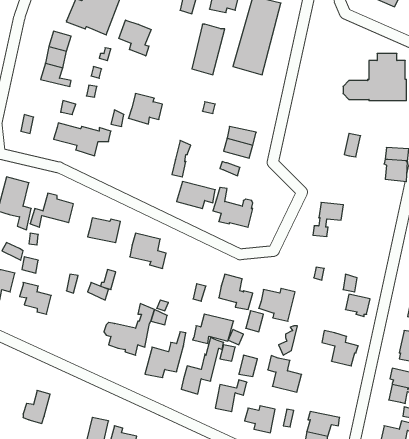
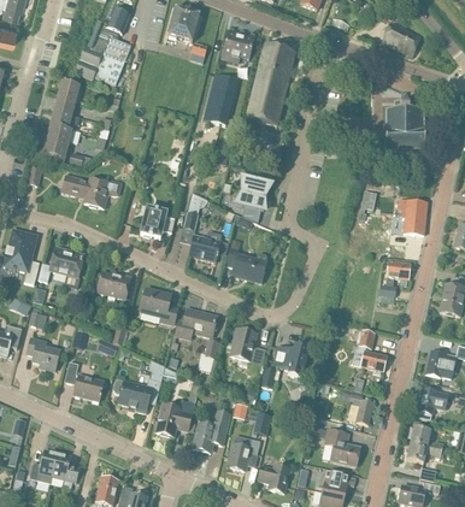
building: [119,20,151,56] -> none
building: none -> [35,130,78,163]
building: [128,94,162,124] -> [140,207,175,238]
building: [313,202,343,236] -> [379,261,411,296]
building: none -> [64,361,104,401]
building: [193,314,234,343] -> [175,308,217,338]
building: [268,356,302,392] -> [325,429,360,466]
building: none -> [52,453,80,488]

